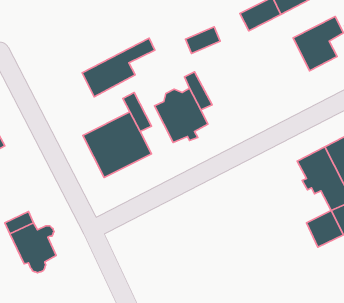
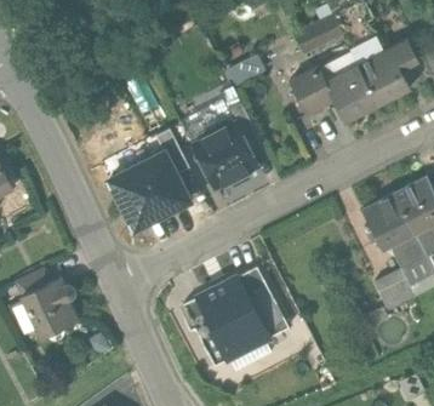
building: none -> [287,63,376,119]
building: [82,38,155,97] -> none
building: none -> [182,265,289,366]

